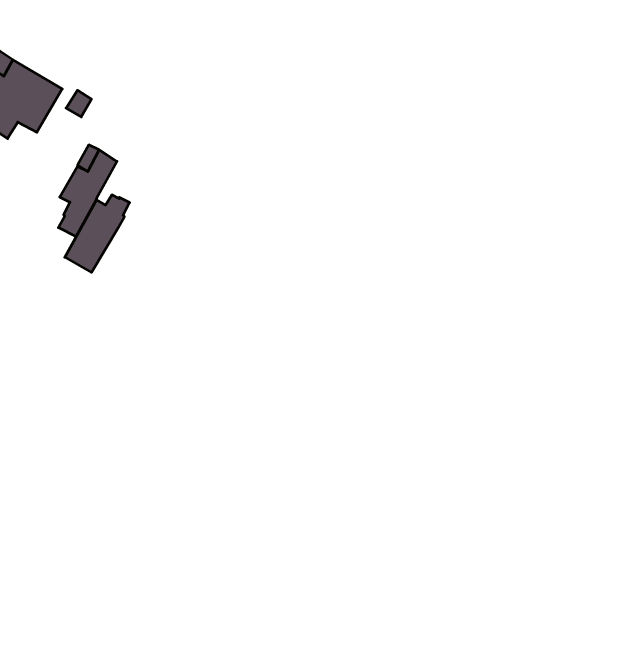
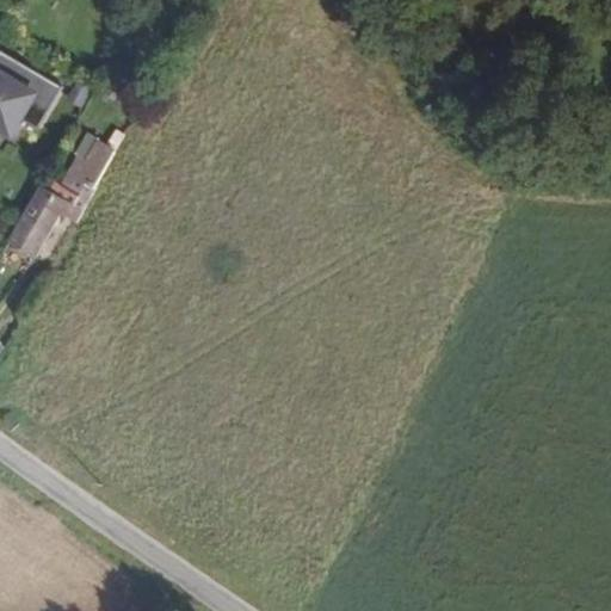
building: [65,195,130,272] -> [5,185,66,258]

